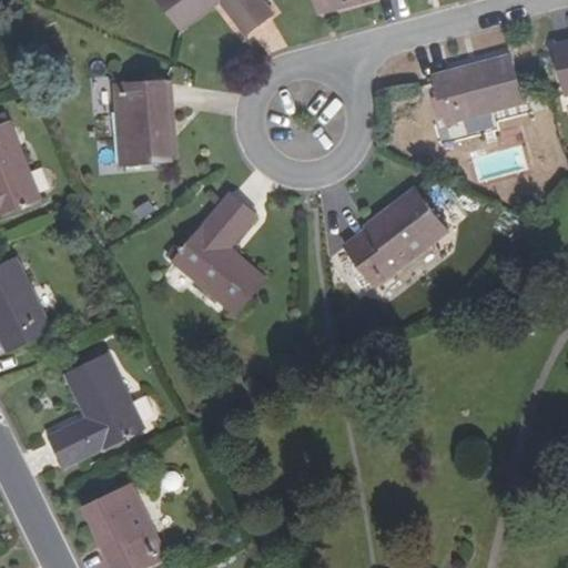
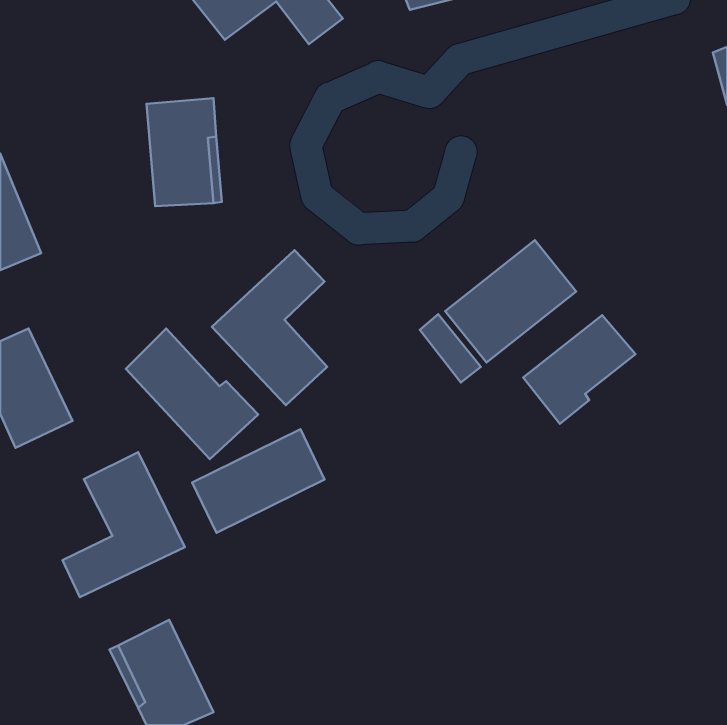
building: [433,54,523,123] -> none
building: none -> [523,315,636,424]
building: none -> [126,328,258,459]
building: none -> [192,429,325,533]

